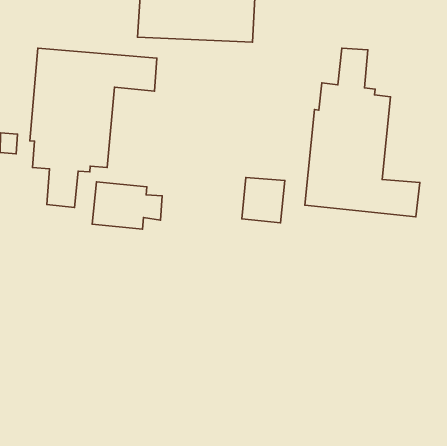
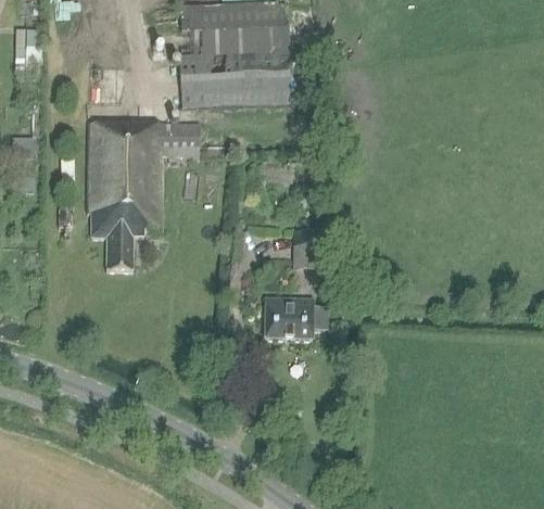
building: [305,48,420,217] -> none
building: [92,182,162,229] -> [265,298,329,340]

